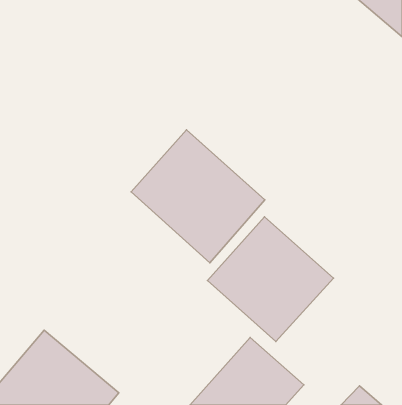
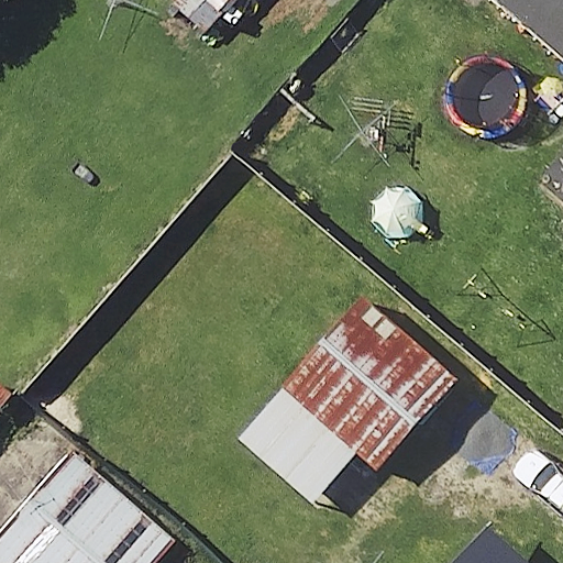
building: [131,130,265,263] -> none

